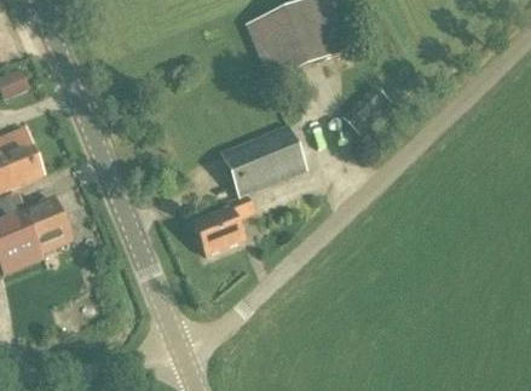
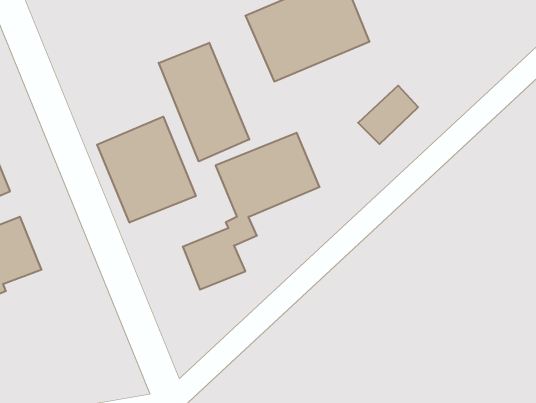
building: none -> [159,43,249,161]
building: none -> [97,117,196,223]

